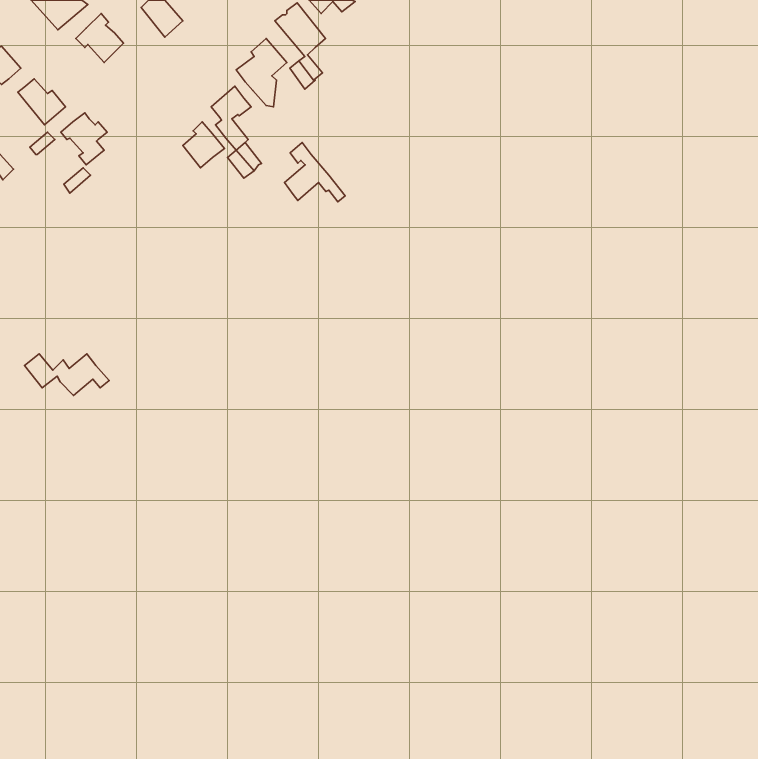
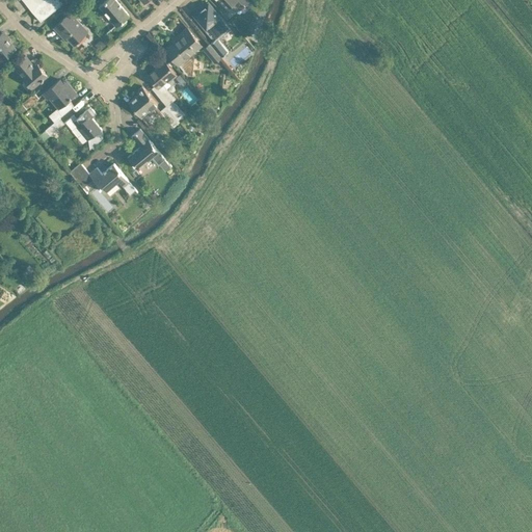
building: [284,143,345,202] -> [127,128,169,169]
building: none -> [65,106,102,149]
building: [24,354,109,395] -> [70,162,129,191]

